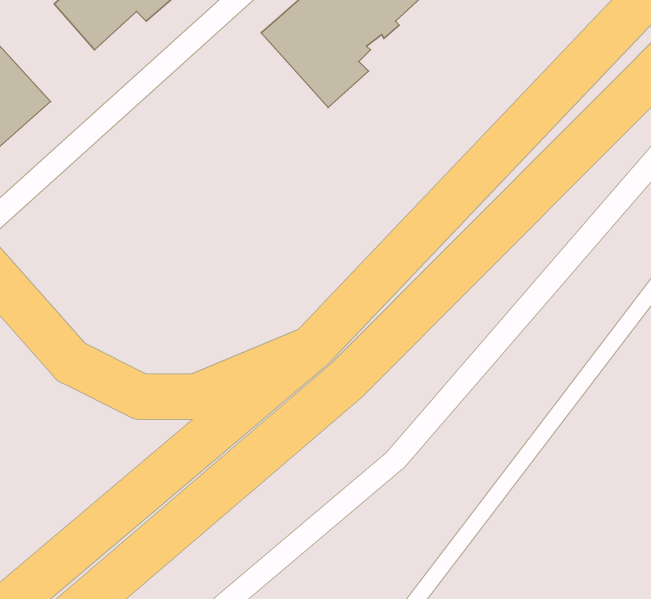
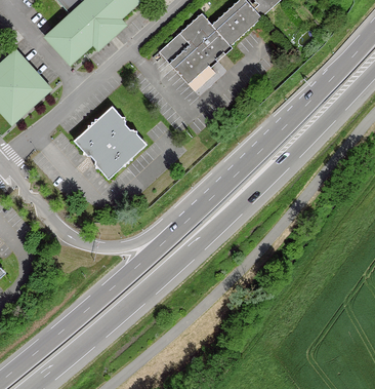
building: none -> [75,107,145,178]

